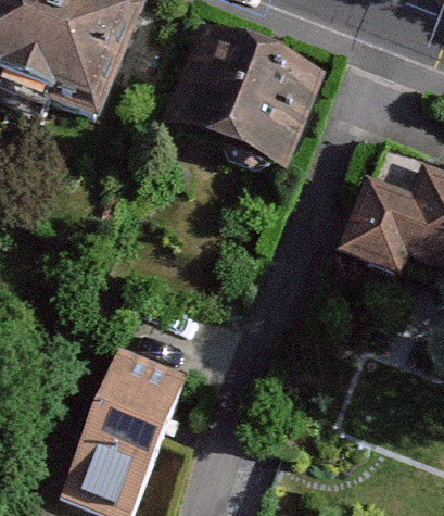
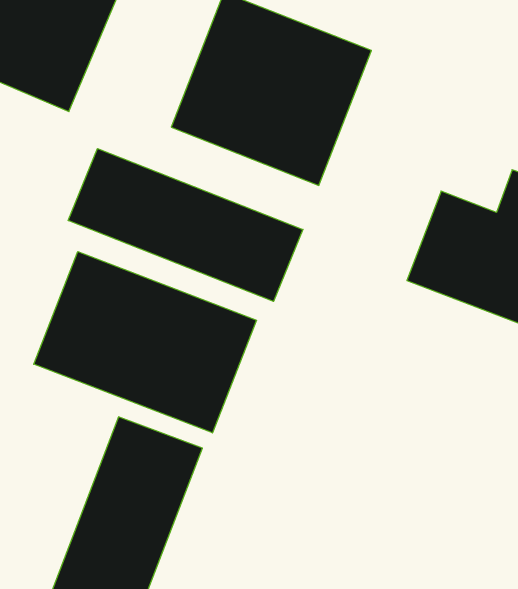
building: none -> [68,149,303,301]
building: none -> [34,252,256,433]

